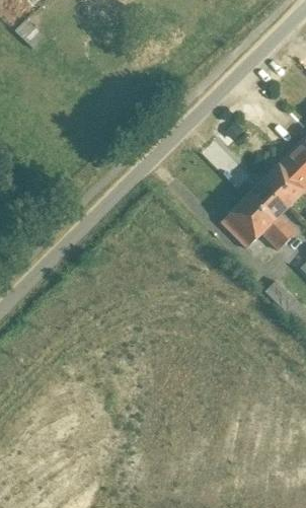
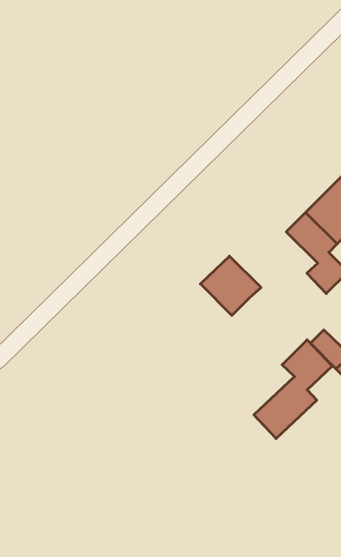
building: [220,199,271,248] -> [200,256,261,315]
building: none -> [254,340,332,439]

